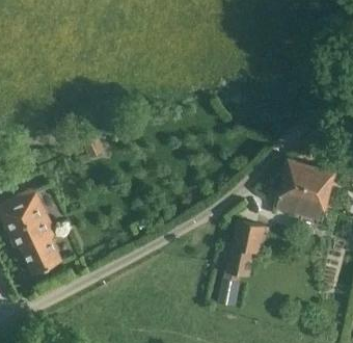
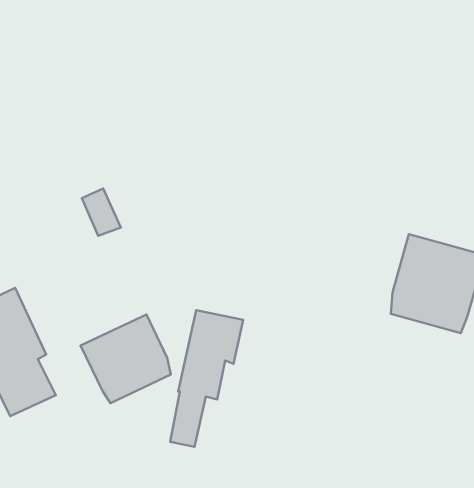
building: none -> [81,314,171,403]
building: [218,220,265,308] -> [170,310,243,447]

